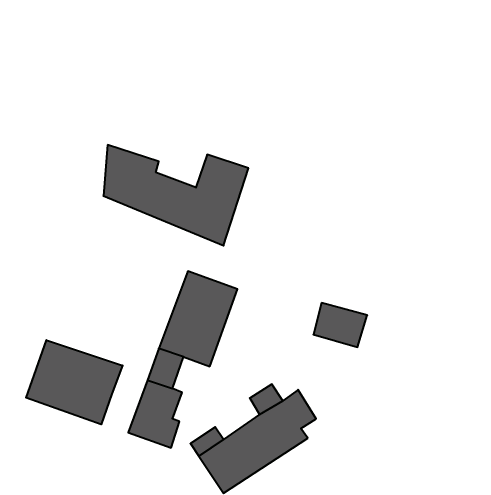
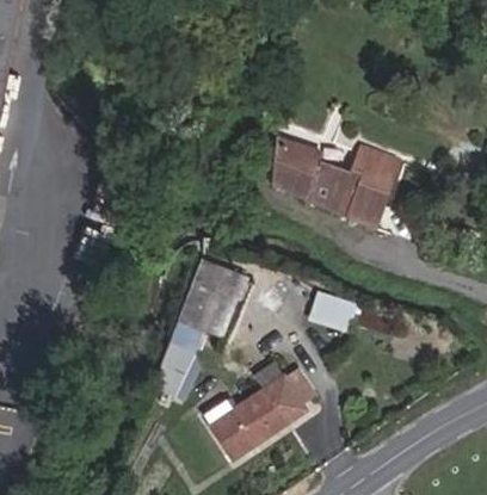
building: [103,145,248,246] -> [269,137,394,224]
building: [26,340,123,424] -> none

